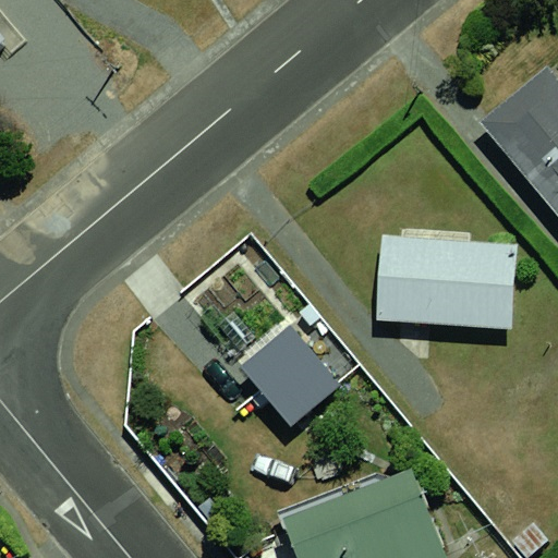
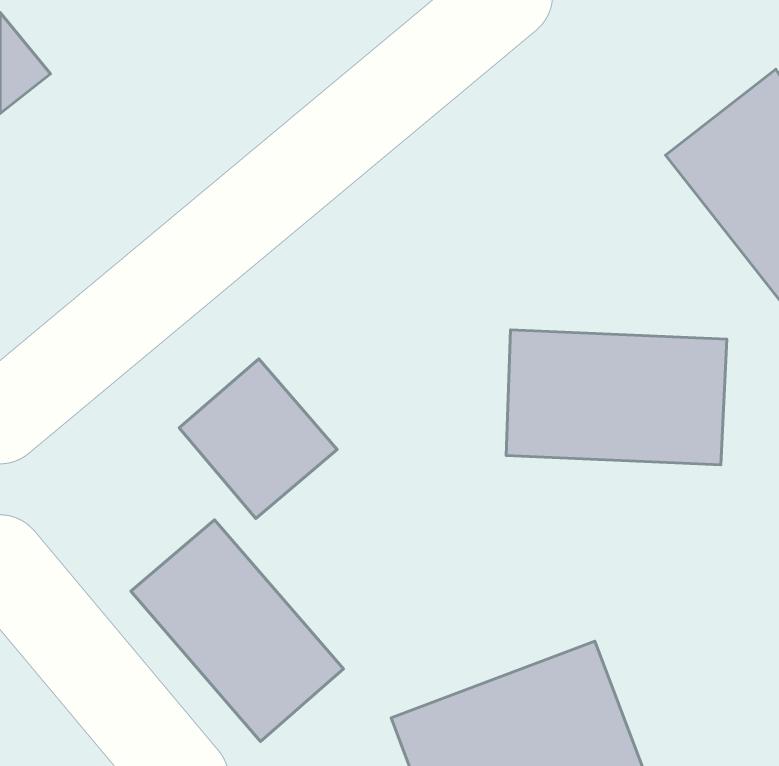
building: [234,307,347,421] -> [179,359,337,518]
building: none -> [131,520,344,742]

